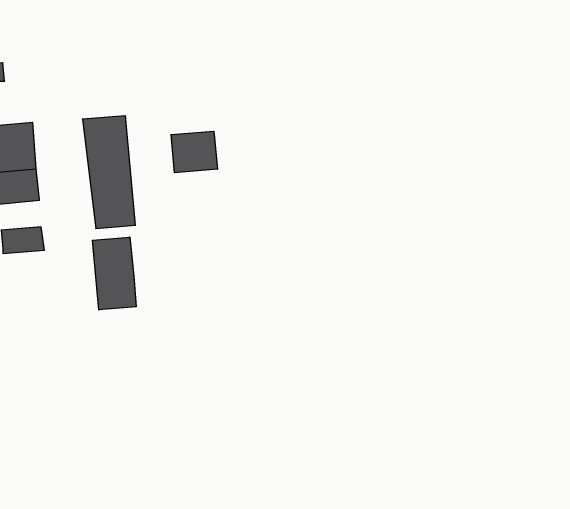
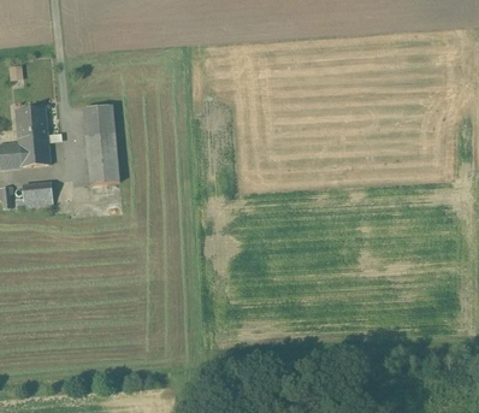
building: [171,131,217,173] -> none
building: [93,237,136,310] -> none

